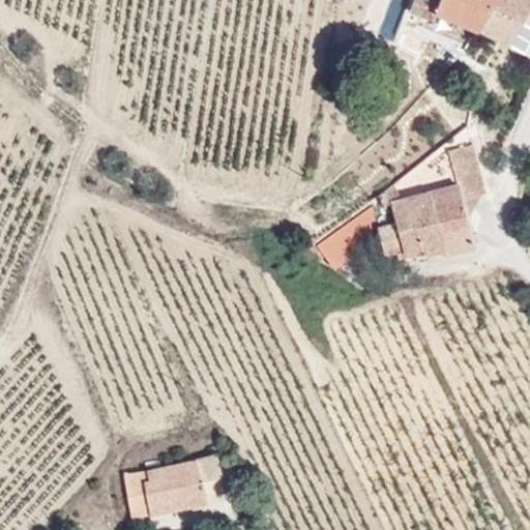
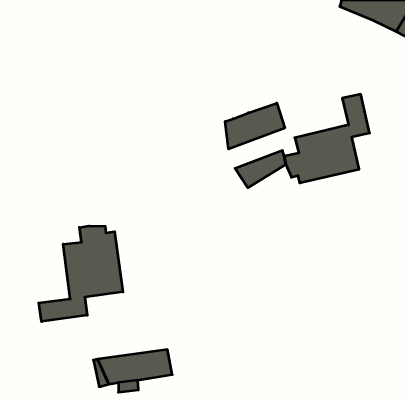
building: none -> [225,103,285,149]
building: none -> [39,226,123,322]

